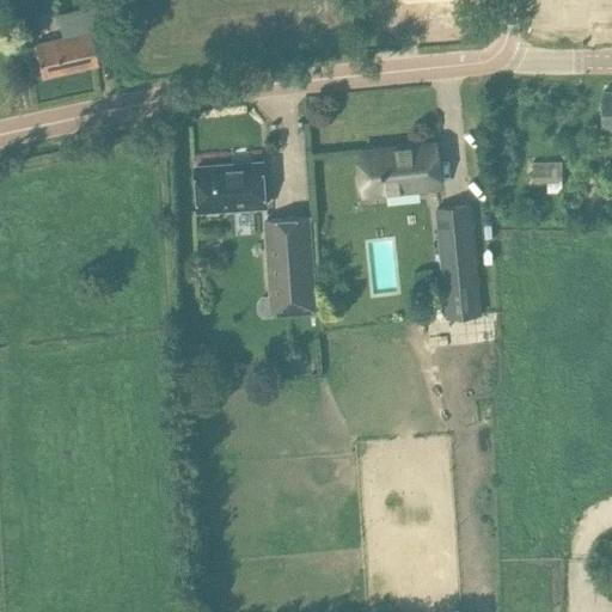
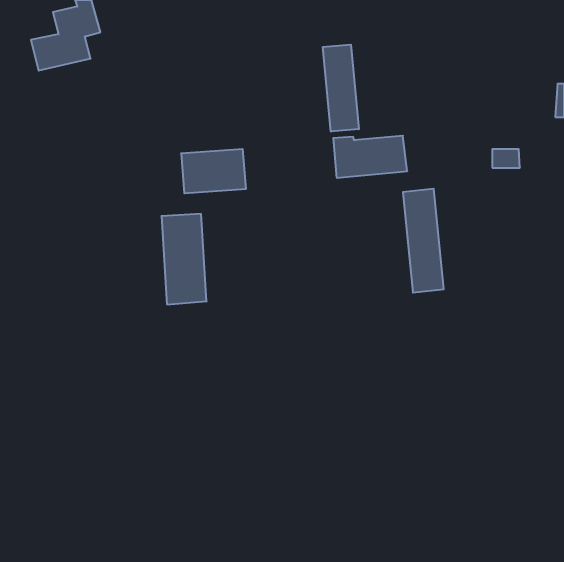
building: none -> [323,45,359,132]
building: [267,219,316,317] -> [161,214,207,304]

